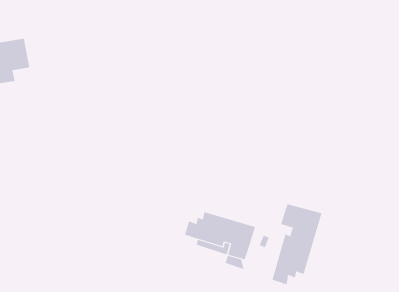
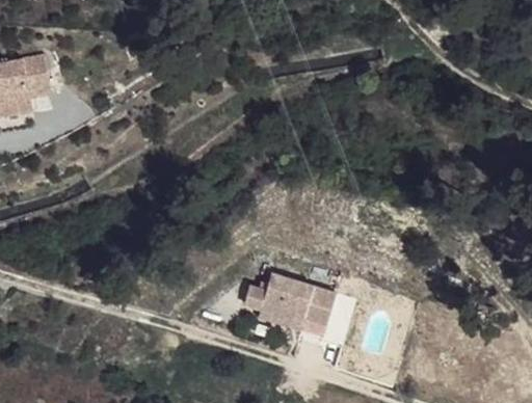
building: [272,203,322,285] -> none

